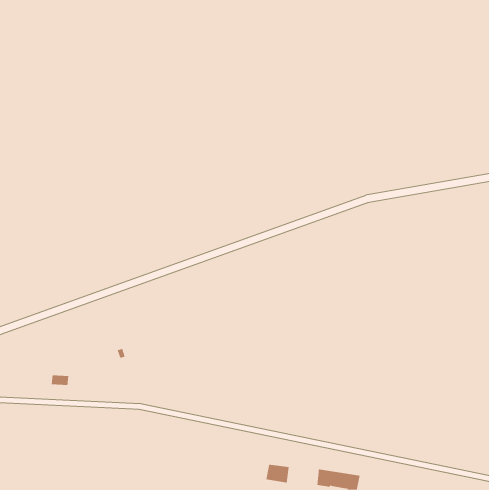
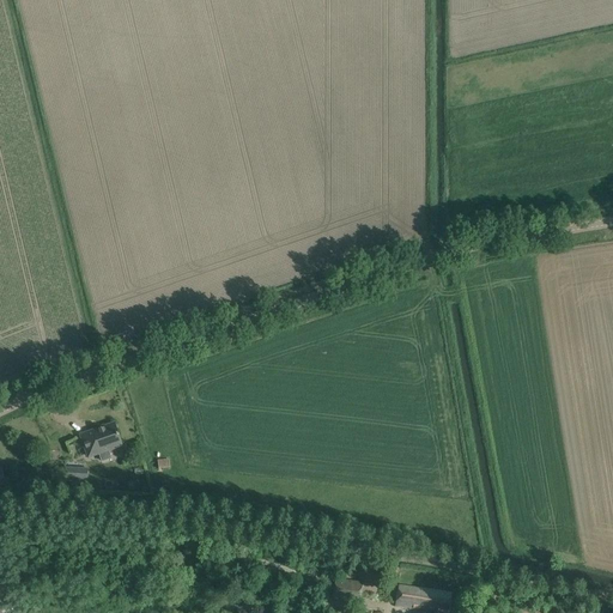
building: none -> [80,424,121,457]

